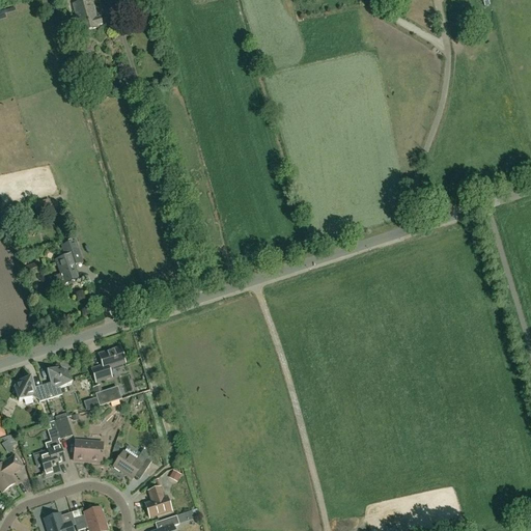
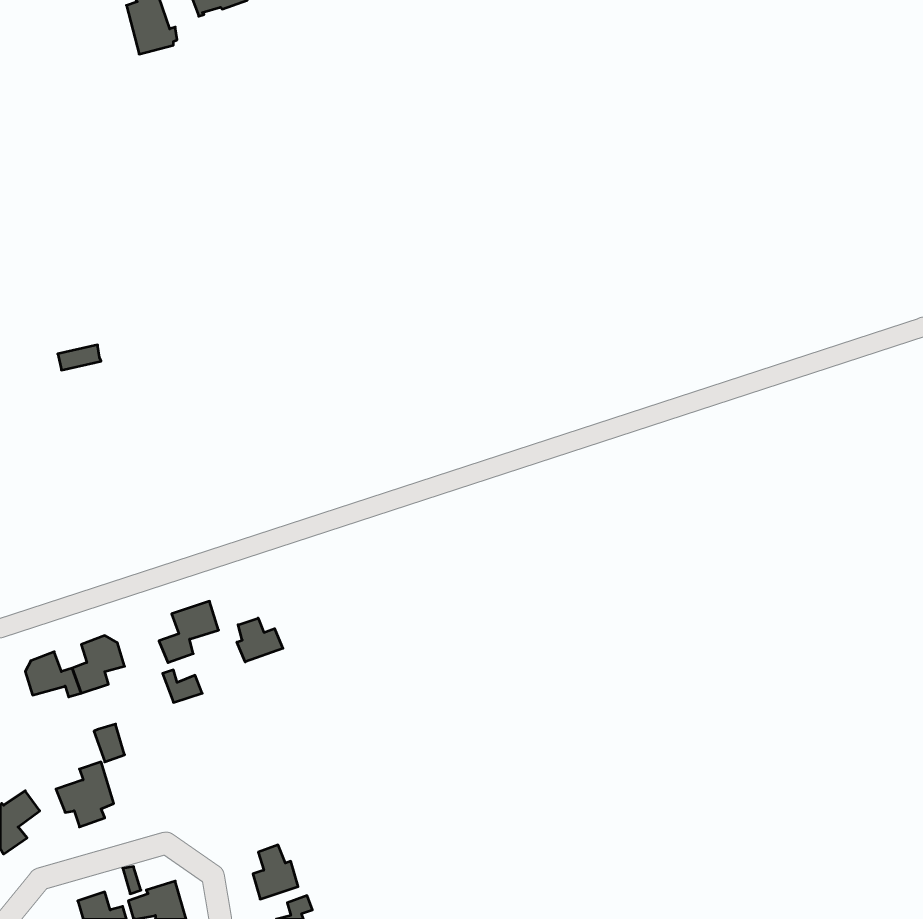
building: [55,239,83,282] -> none
building: none -> [237,618,283,662]
building: [74,440,103,462] -> none
building: [113,444,155,477] -> none

